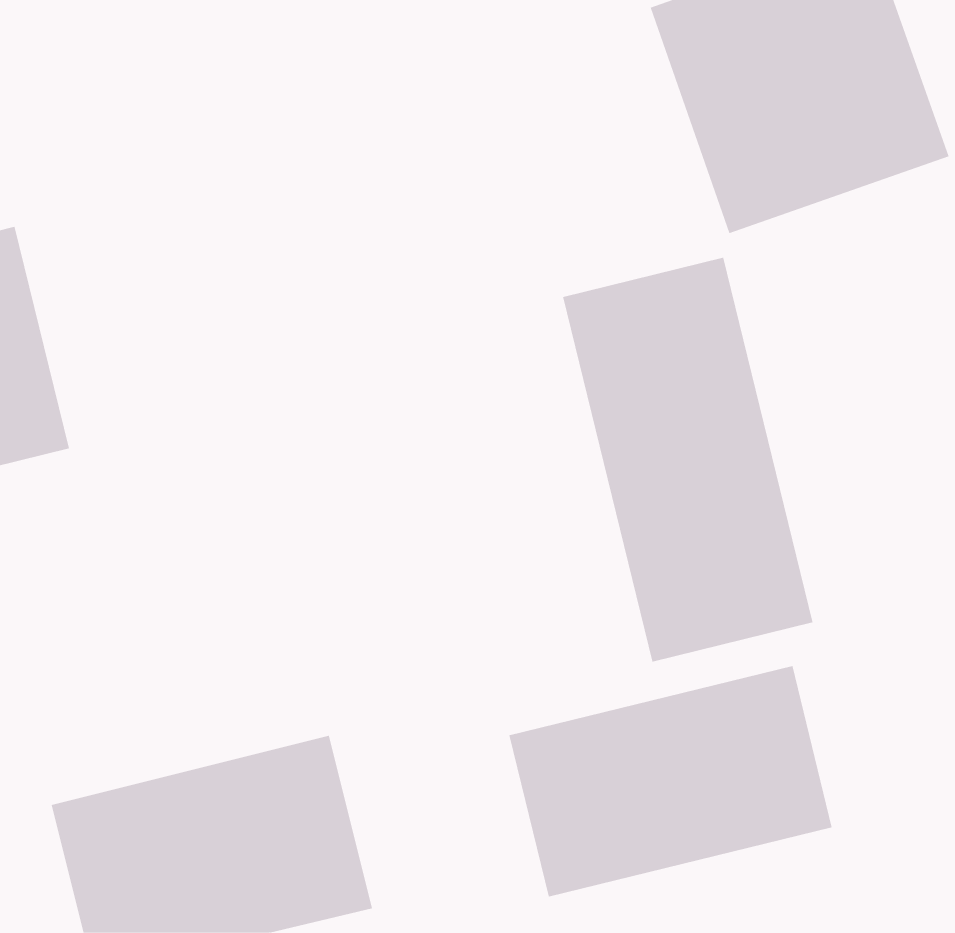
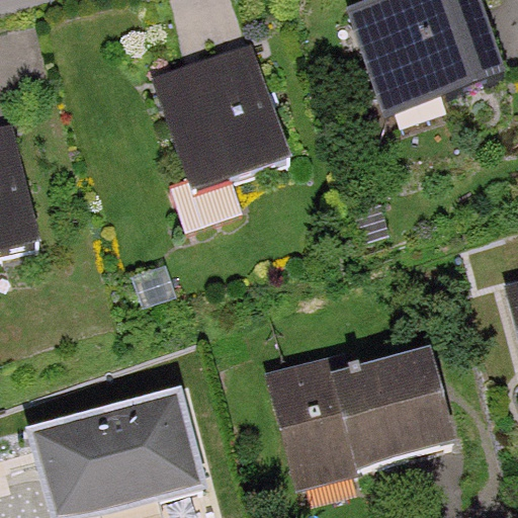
building: none -> [154,41,287,190]
building: [563,257,813,663] -> none

